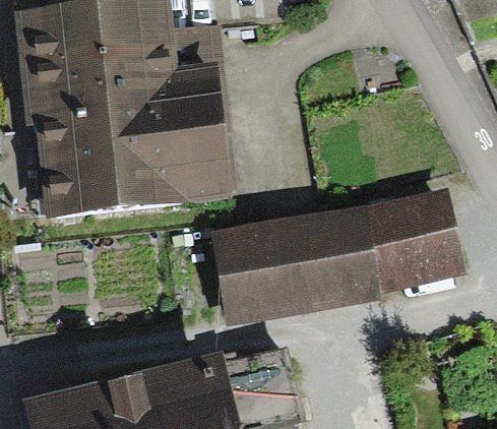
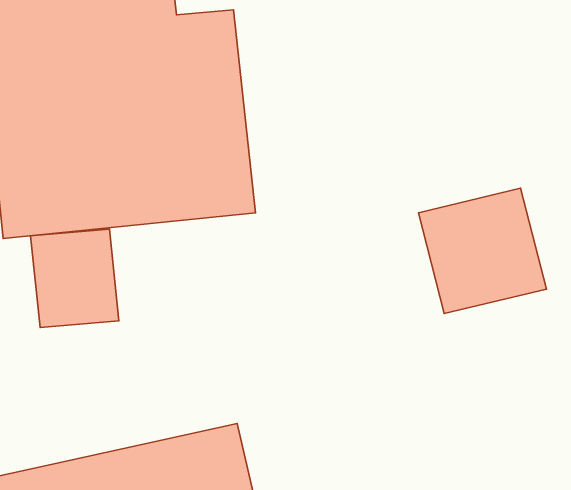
building: [211,203,386,316] -> none
building: none -> [31,229,119,327]

